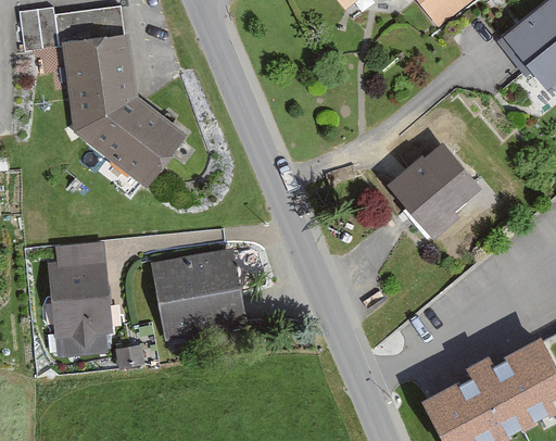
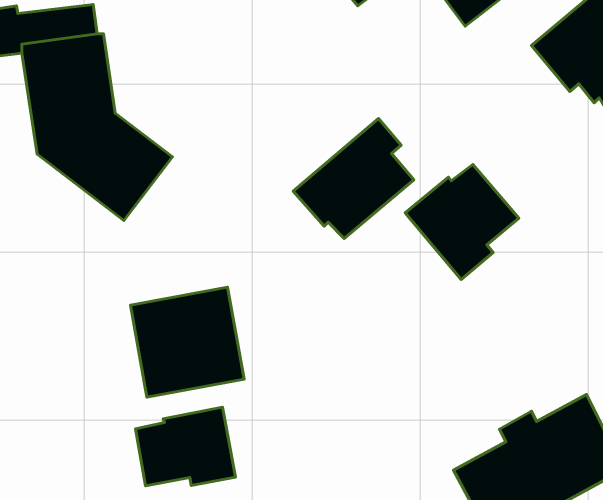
building: none -> [293,119,414,238]
building: [49,242,114,358] -> none
building: none -> [136,407,236,486]

